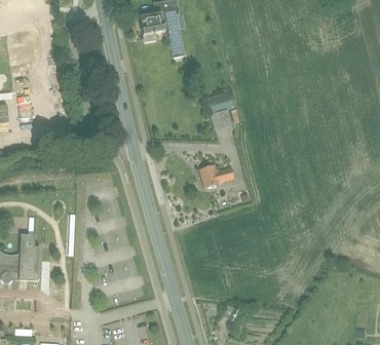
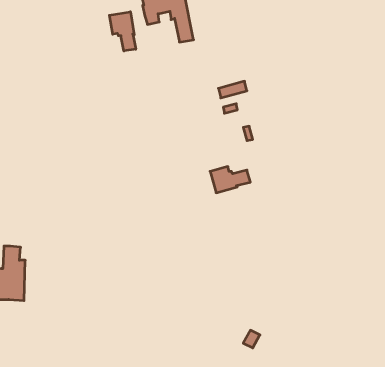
building: none -> [109,12,136,51]

